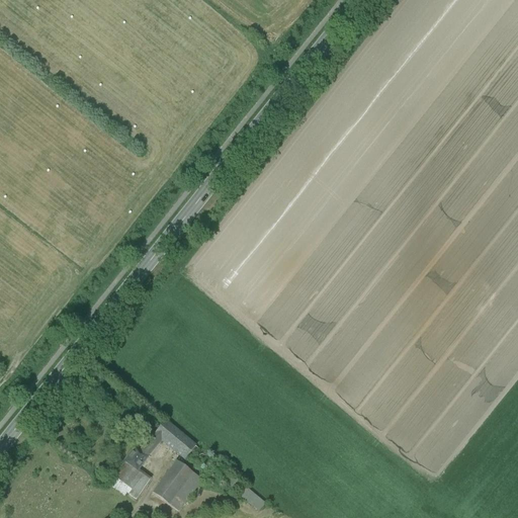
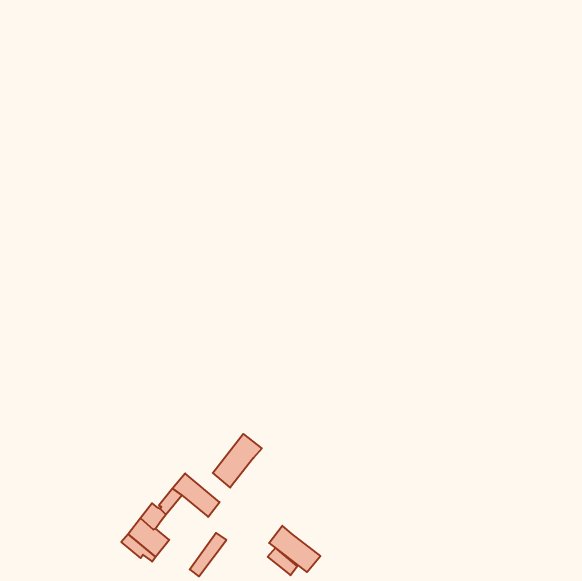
building: none -> [213,434,262,488]
building: [154,459,193,504] -> none
building: none -> [269,526,320,572]

